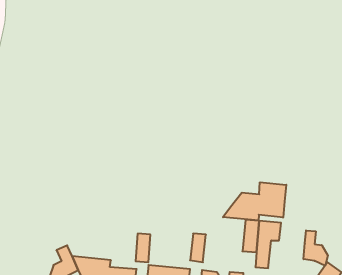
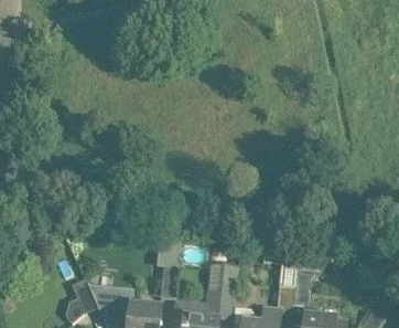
building: [223,182,286,221] -> none
building: [304,230,328,266] -> none

